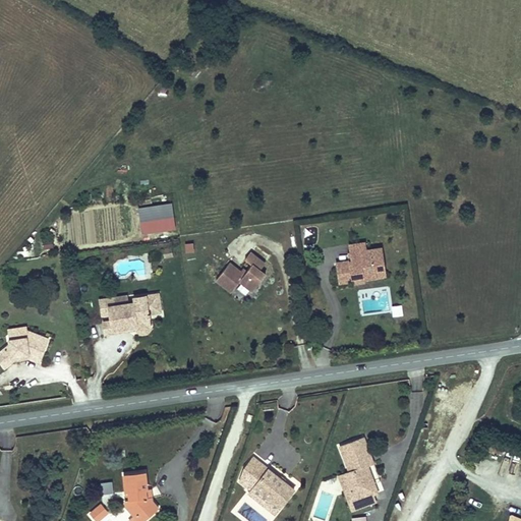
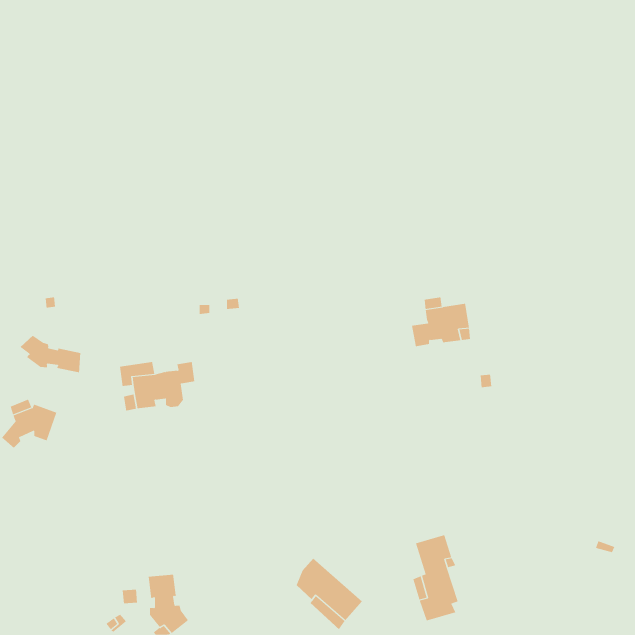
building: [138,204,175,235] -> none
building: [218,253,267,292] -> none
building: none -> [20,335,81,373]

